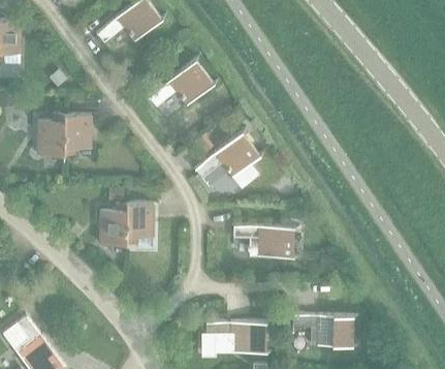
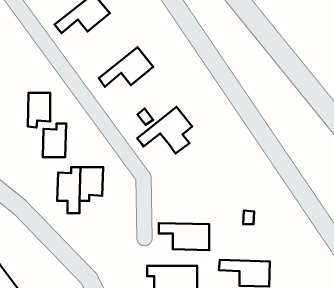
building: [37,116,65,156] -> [43,124,66,157]
building: [233,226,293,258] -> [159,223,209,250]

